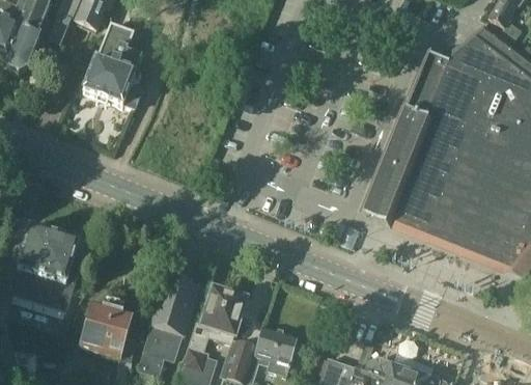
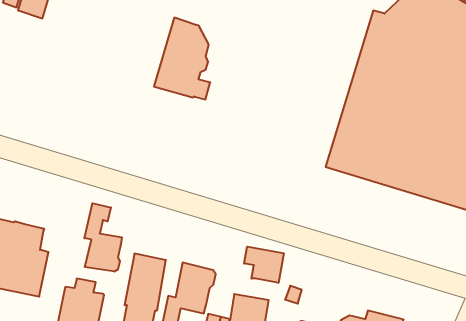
building: [83,25,142,110] -> [154,18,210,99]
building: none -> [84,203,122,272]
building: none -> [244,247,284,283]

